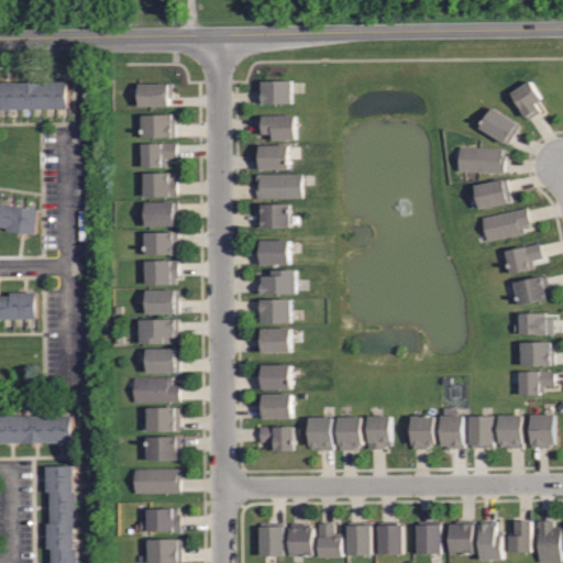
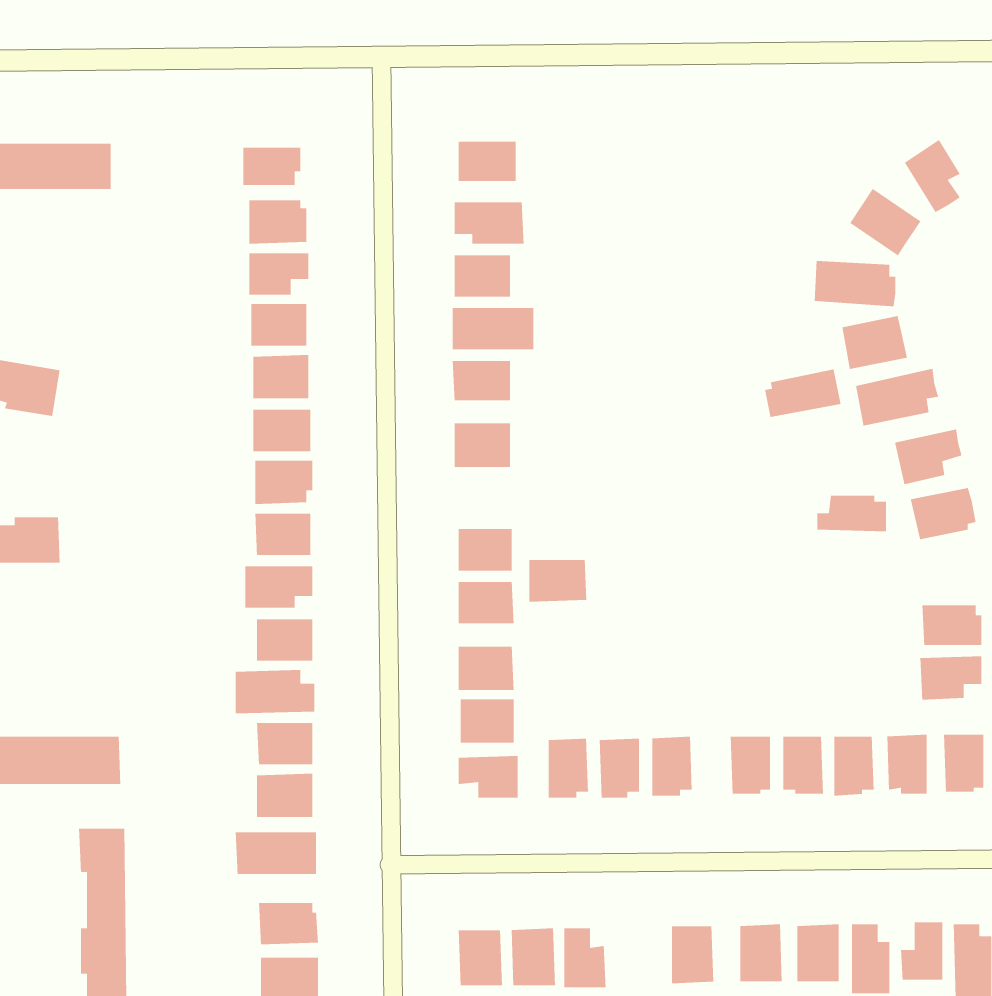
building: none -> [764,369,842,418]
building: [262,271,295,295] -> [529,559,587,602]
building: [511,313,551,334] -> [817,495,887,532]
building: [345,522,369,555] -> none

